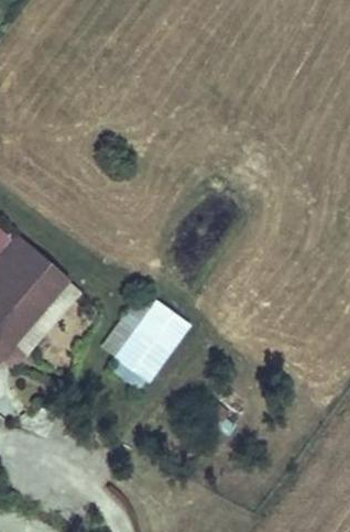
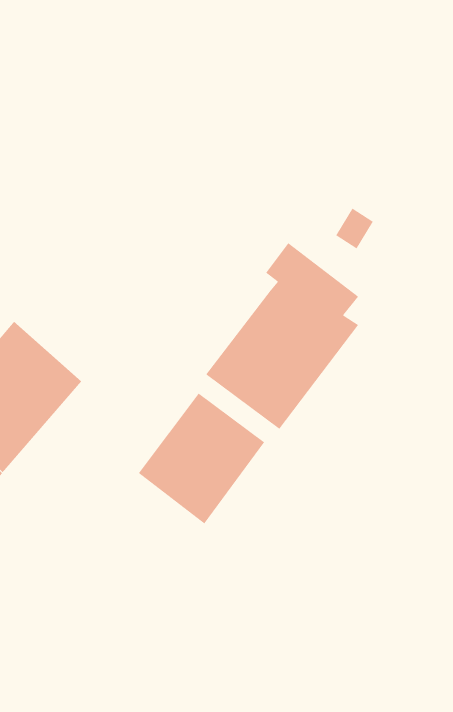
building: none -> [205,242,359,430]

